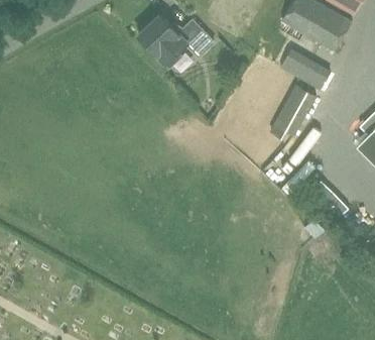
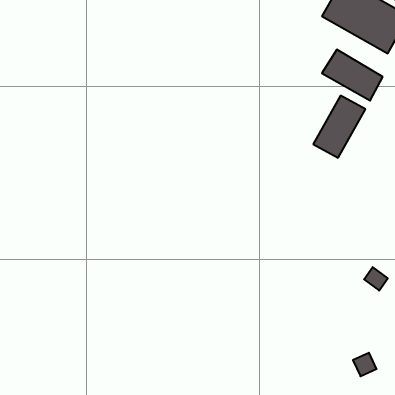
building: [138,14,213,68] -> none

